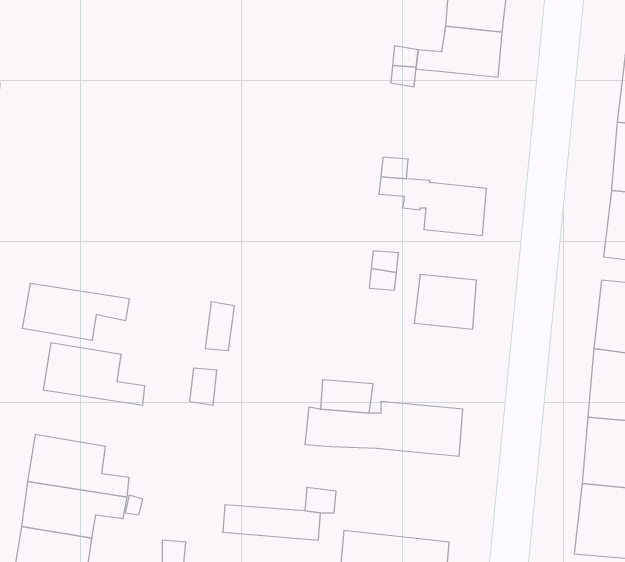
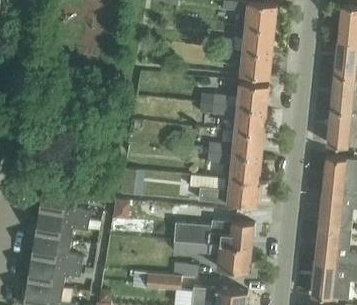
building: none -> [240,49,272,77]
building: none -> [237,81,269,109]
building: none -> [232,130,264,156]
building: [22,283,130,340] -> [35,212,90,241]
building: none -> [188,175,259,205]
building: none -> [172,240,252,270]

